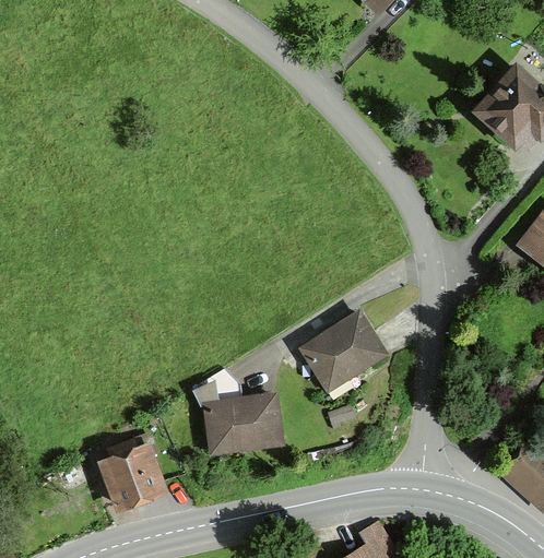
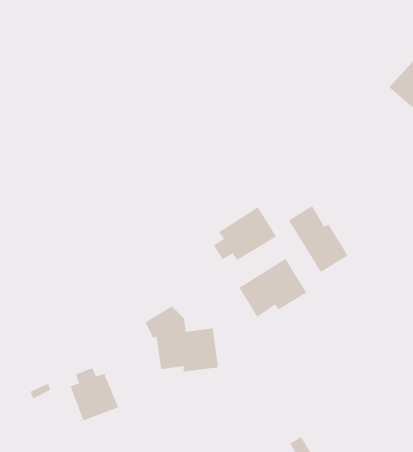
building: none -> [288,205,349,273]
building: none -> [213,207,277,261]

